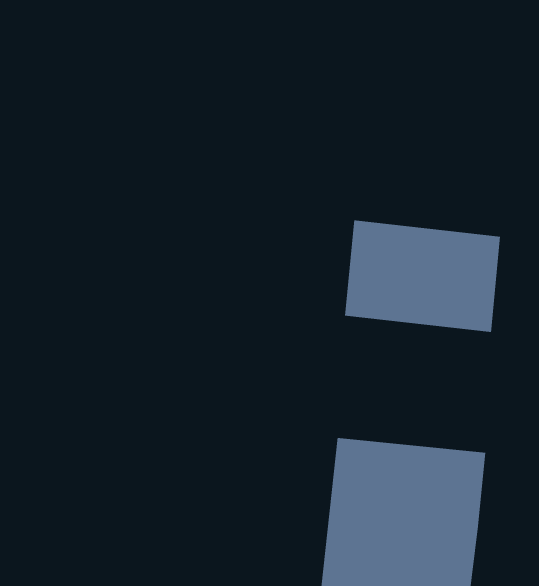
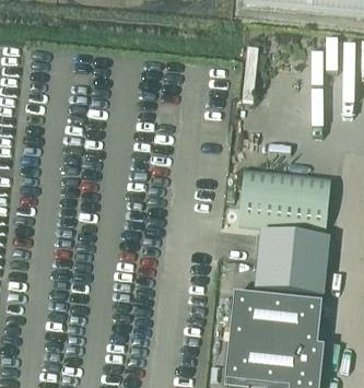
building: none -> [255,232,329,296]

